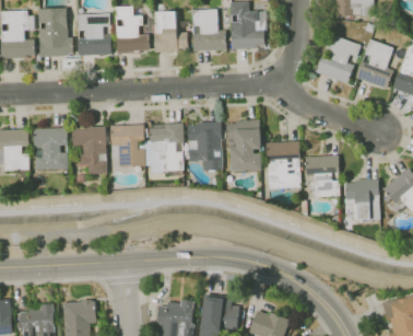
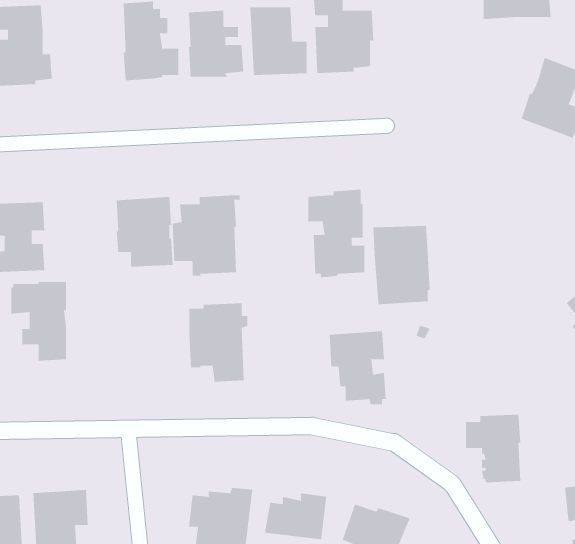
building: [78,13,111,55] -> none
building: [317,34,362,83] -> none
building: [189,121,225,170] -> [188,303,248,382]
building: [73,126,107,174] -> [11,282,67,361]
building: [306,154,341,199] -> [329,331,387,405]
building: [346,178,380,220] -> [465,414,521,483]

